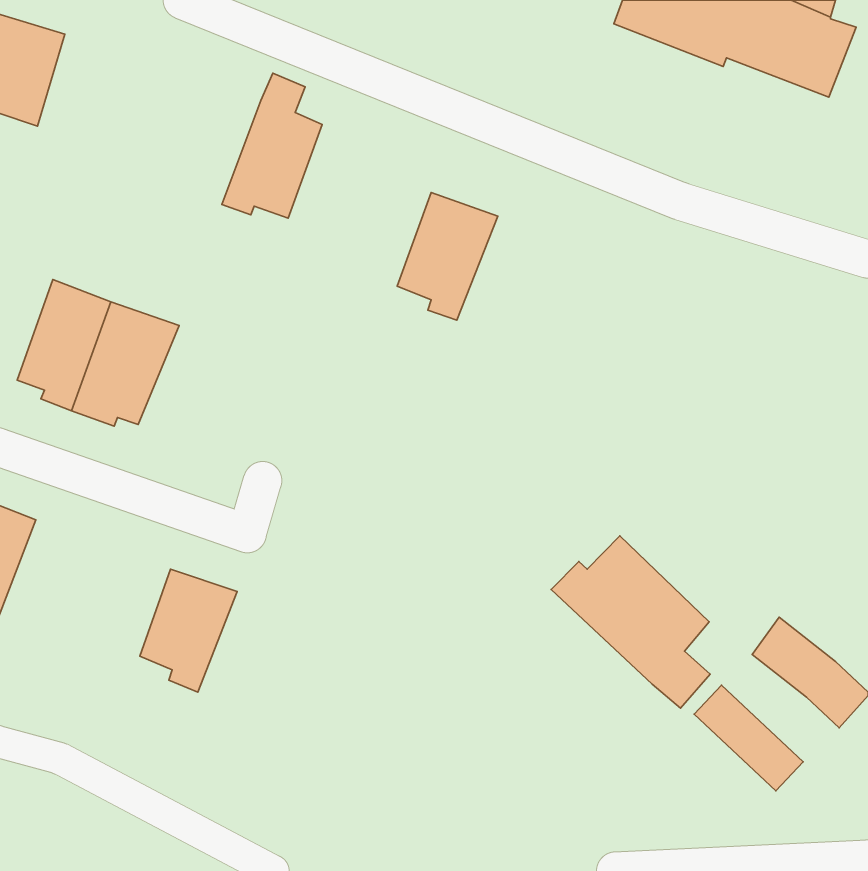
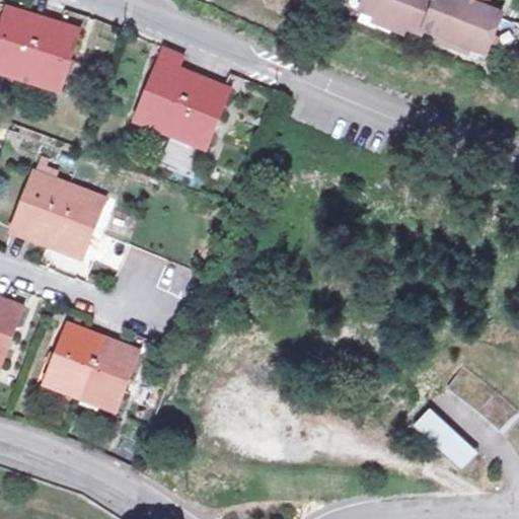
building: none -> [22,20,76,93]
building: [397,192,498,320] -> [171,74,231,150]
building: [551,536,710,708] -> none
building: none -> [44,325,101,390]

